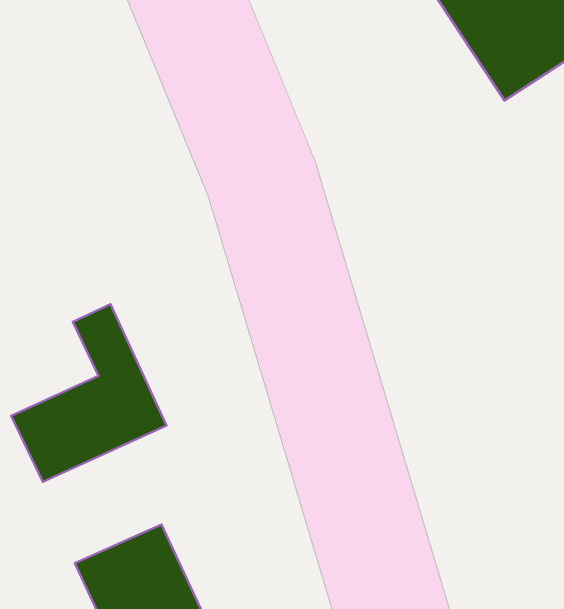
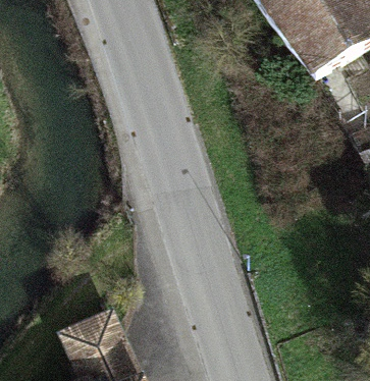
building: [11,304,167,482] -> none

